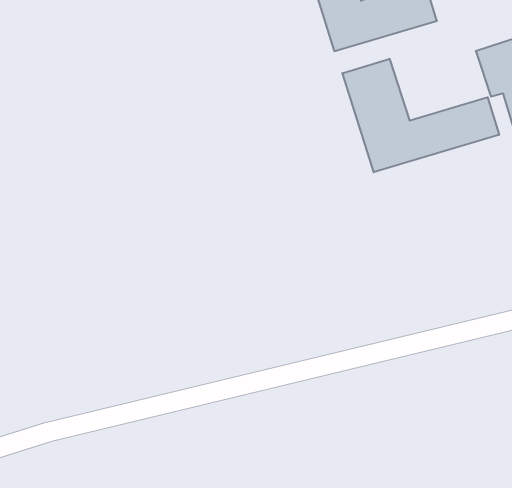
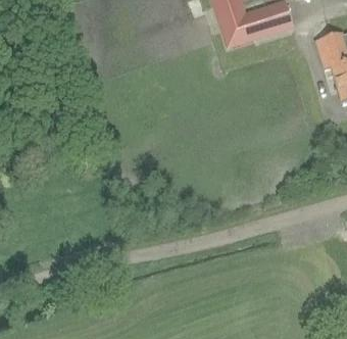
building: [342,59,499,172] -> none

